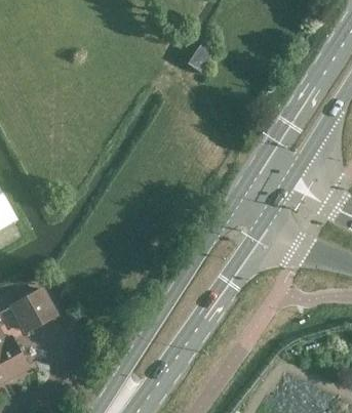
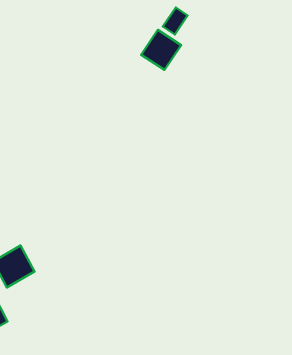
building: none -> [141,30,181,70]

